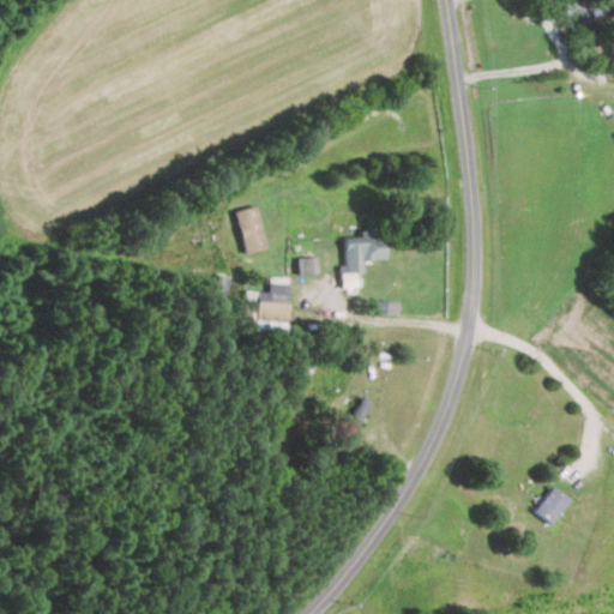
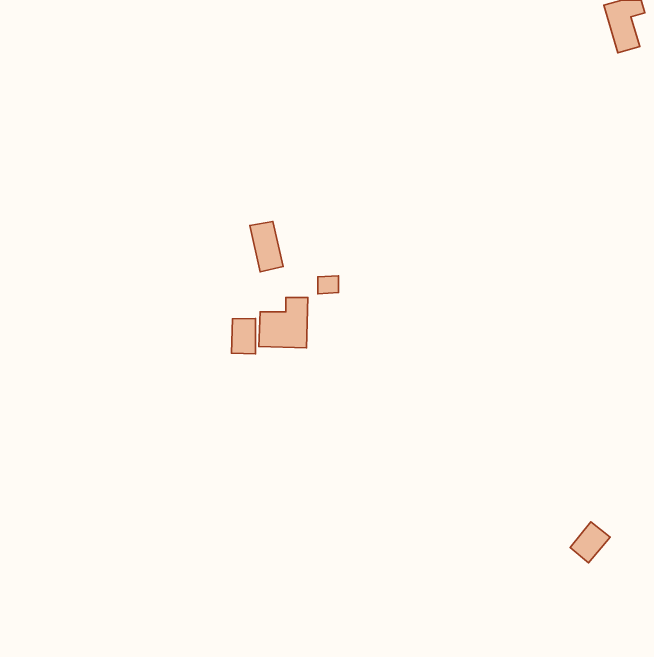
building: [345,231,387,275] -> none
building: none -> [232,319,255,354]

